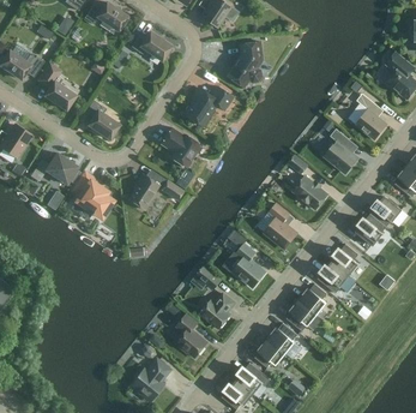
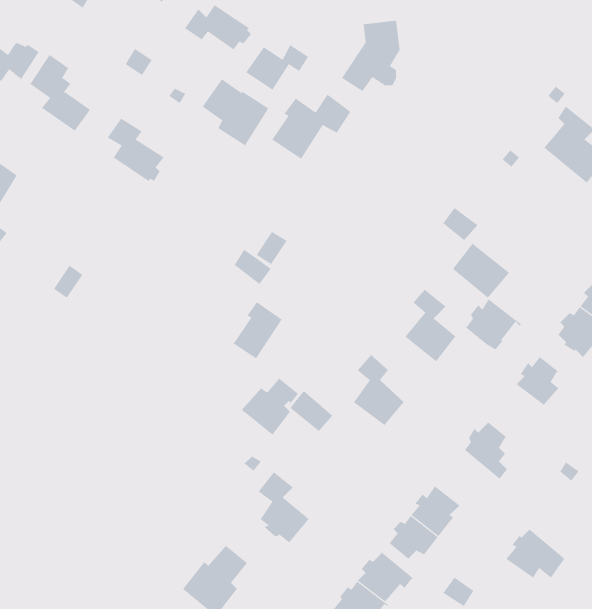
building: none -> [245,44,309,91]
building: [159,126,200,167] -> [202,79,269,146]
building: [324,128,357,173] -> none
building: [30,152,77,182] -> none
building: [72,172,113,217] -> none
building: [128,173,158,208] -> [233,302,282,359]
building: [316,261,351,292] -> [464,299,522,350]
building: [199,293,234,328] -> [241,378,299,436]
building: [285,300,321,330] -> [506,529,565,579]

